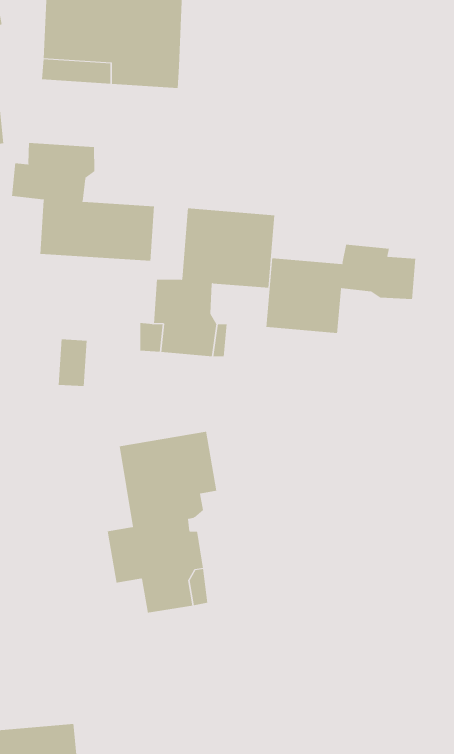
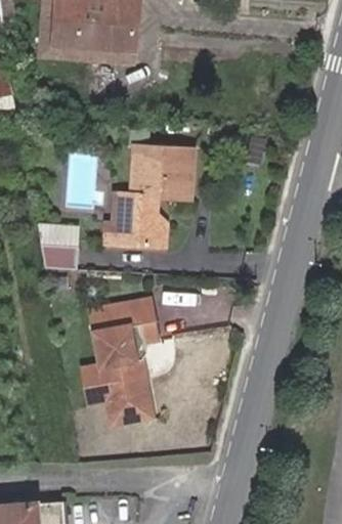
building: [12,142,155,262] -> none
building: [266,244,416,334] -> none

